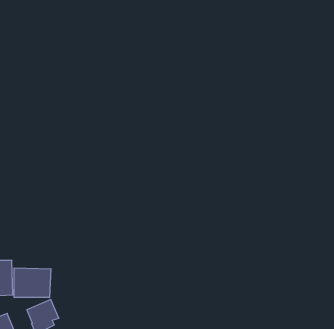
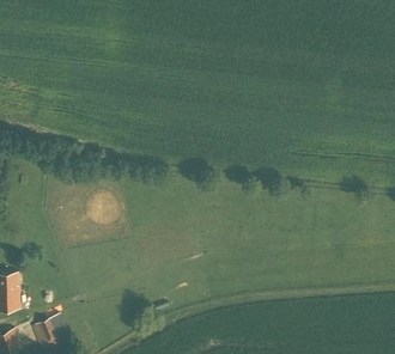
building: [14,268,51,298] -> none

